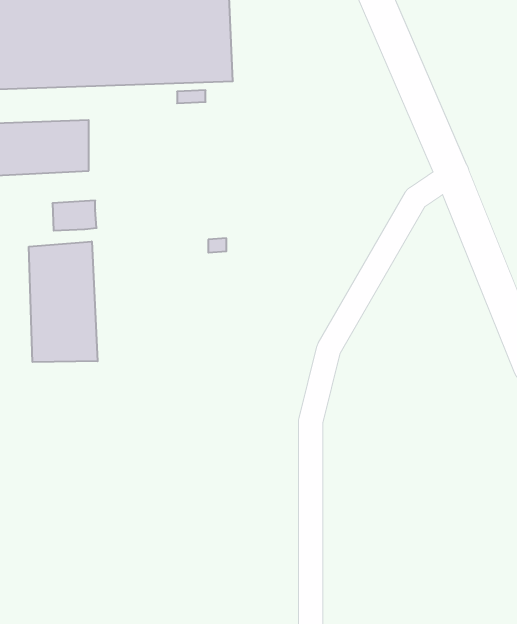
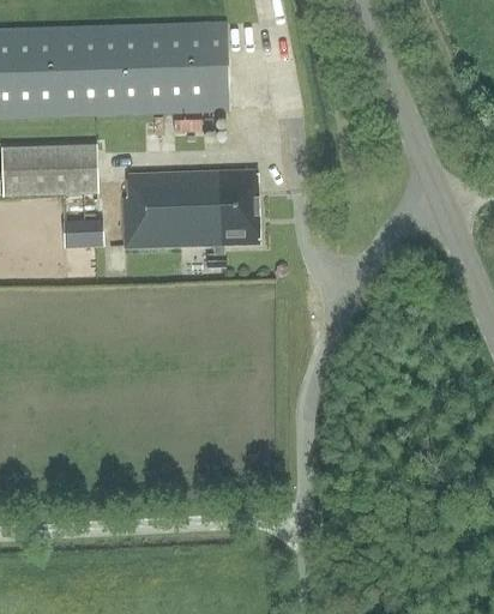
building: none -> [122,169,258,247]
building: [29,241,98,362] -> none

